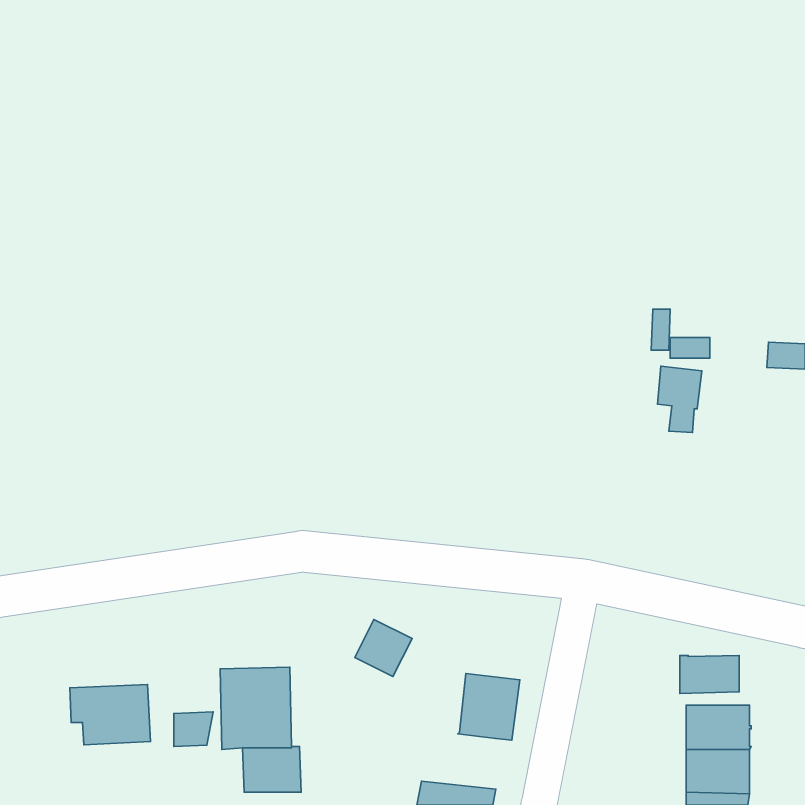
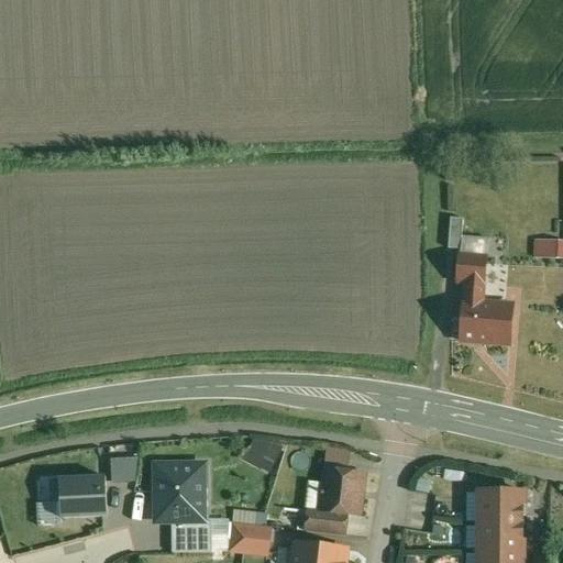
building: none -> [460,299,512,344]
building: [680,655,739,693] -> none
building: [174,712,213,747] -> [109,456,136,481]
building: none -> [302,506,344,534]
building: none -> [227,521,269,552]

